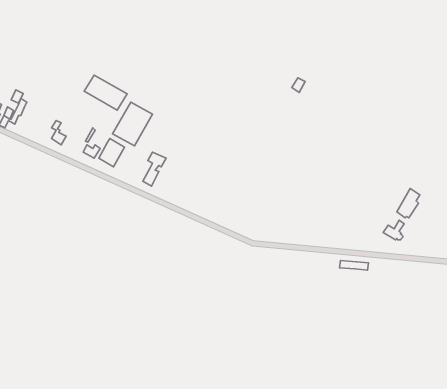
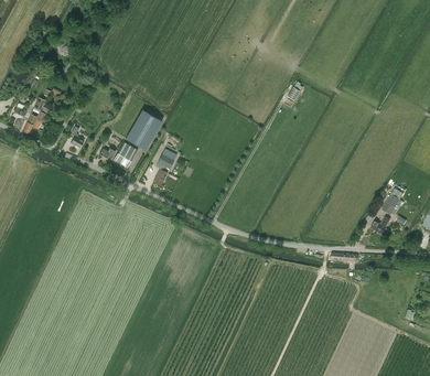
building: [84,75,127,110] -> none

